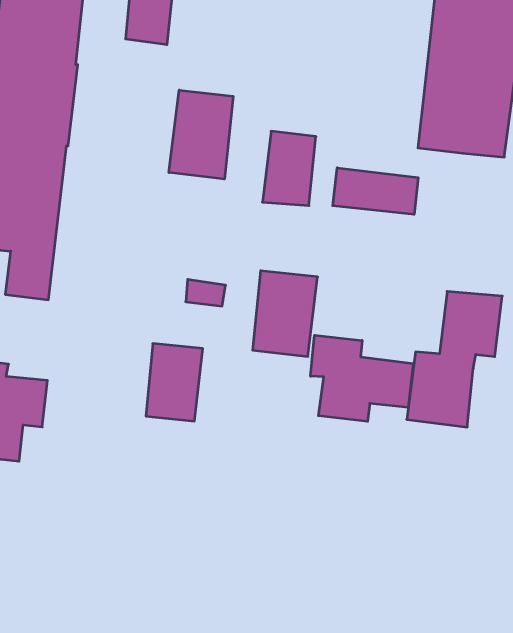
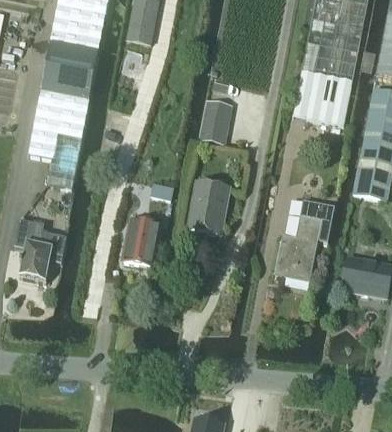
building: [169,90,233,179] -> none
building: [333,168,418,214] -> none
building: [311,335,413,421] -> none

